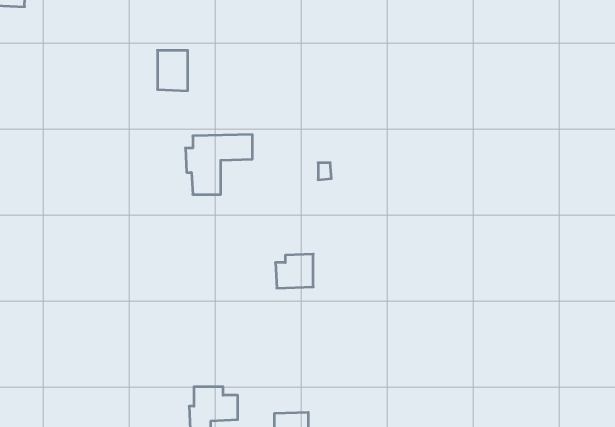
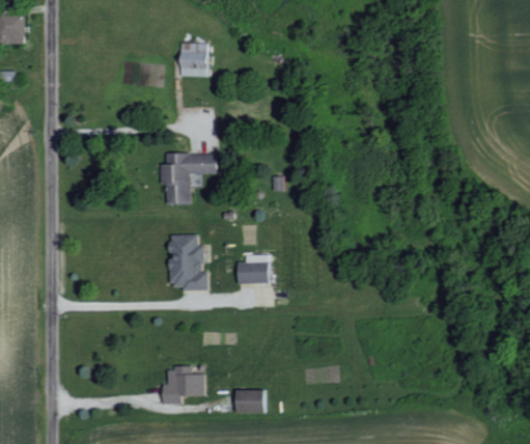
building: [157,50,188,91] -> [180,43,206,77]
building: none -> [169,234,207,289]

